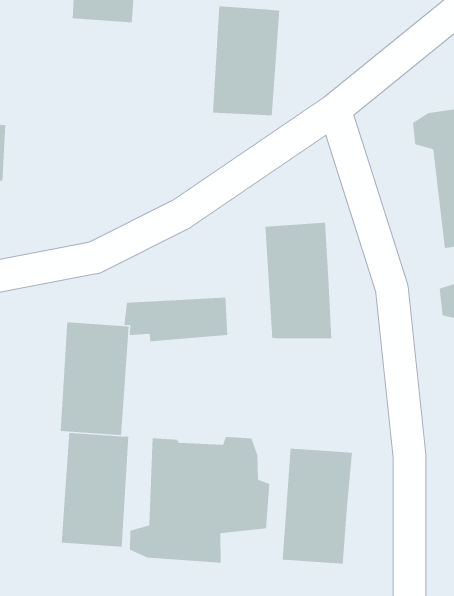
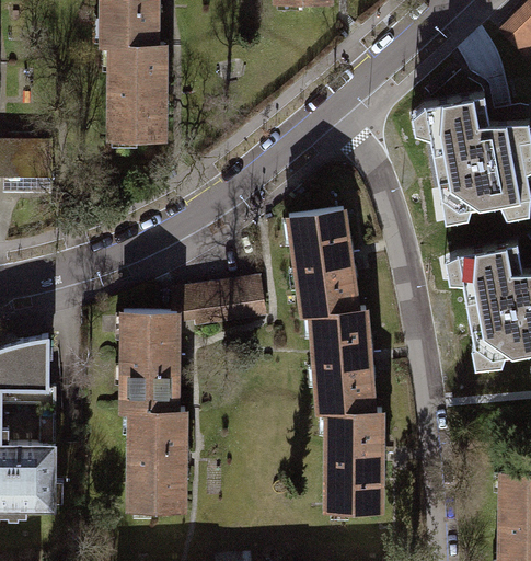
building: [212,6,280,116] -> [113,46,168,141]
building: none -> [309,311,372,411]
building: [129,436,270,564] -> none

